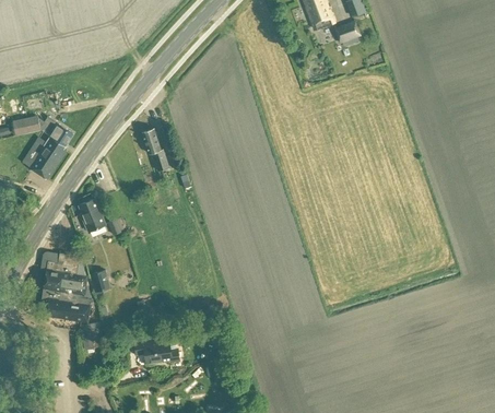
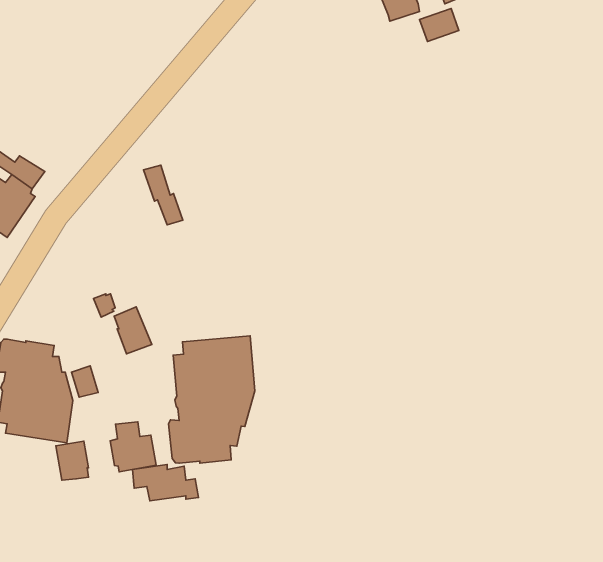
building: [80,198,106,231] -> [114,307,152,354]
building: none -> [169,336,255,463]
building: none -> [110,422,156,472]

